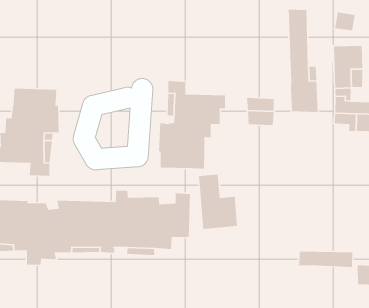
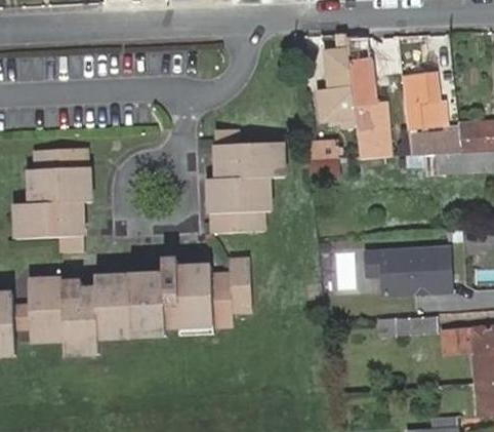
building: none -> [317,31,355,121]
building: [198,174,238,230] -> none
building: none -> [363,242,452,297]

